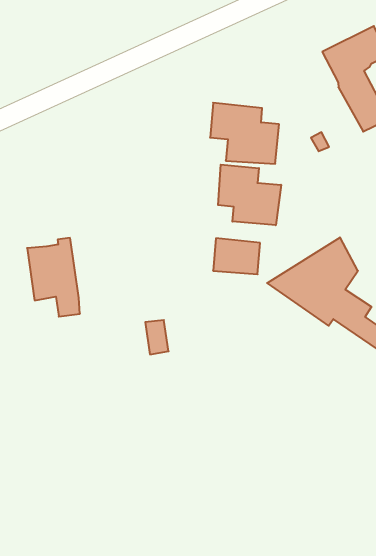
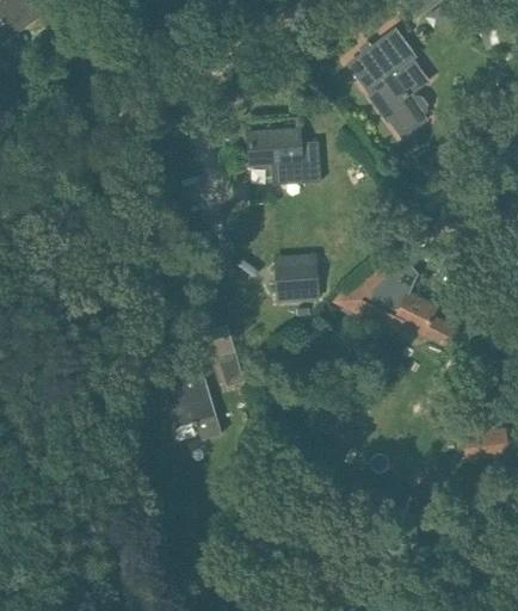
building: [218,165,281,225] -> none
building: [27,238,80,317] -> [159,360,221,439]

